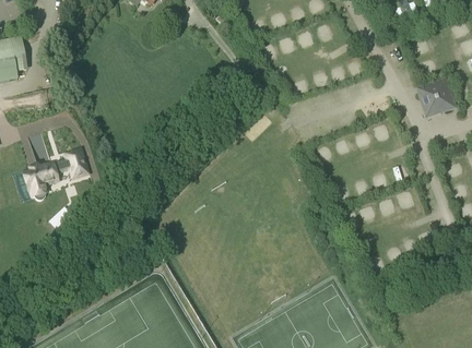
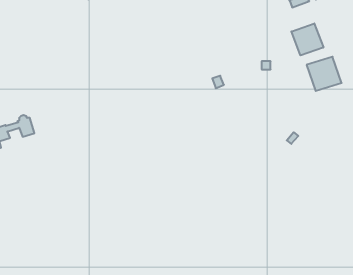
building: none -> [291,23,323,55]

